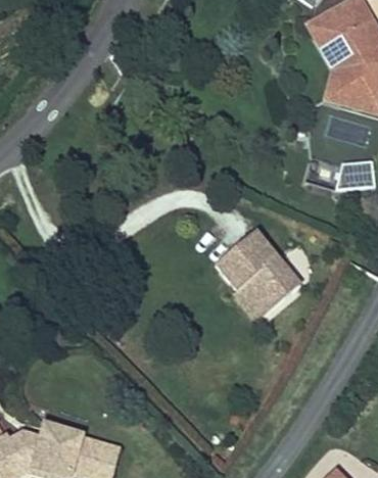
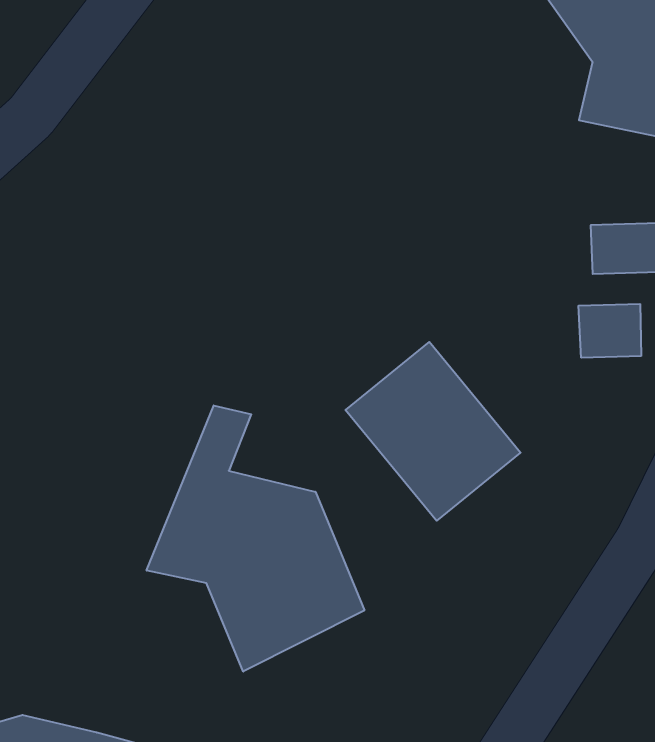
building: none -> [579,304,641,358]
building: none -> [147,405,364,672]

